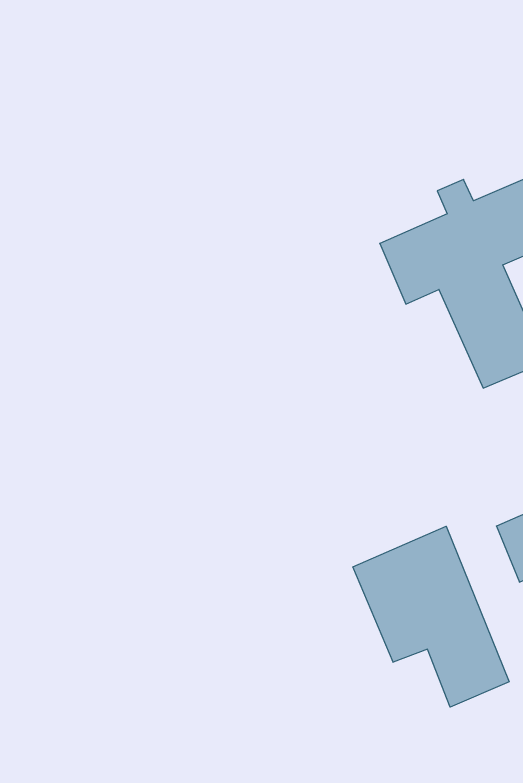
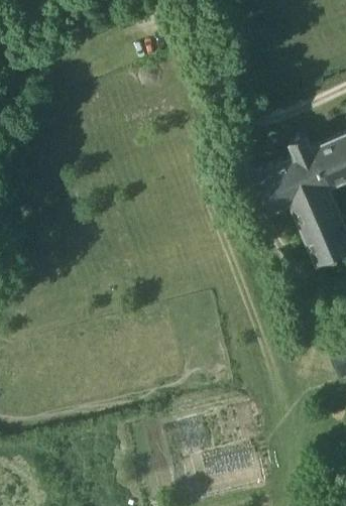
building: [353,526,509,707] -> none

